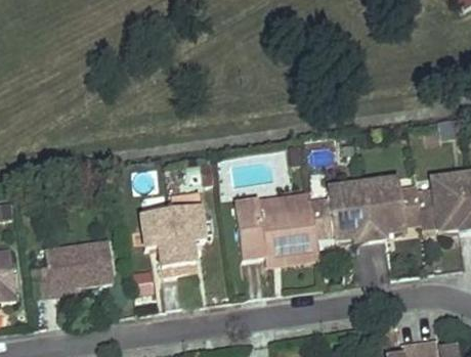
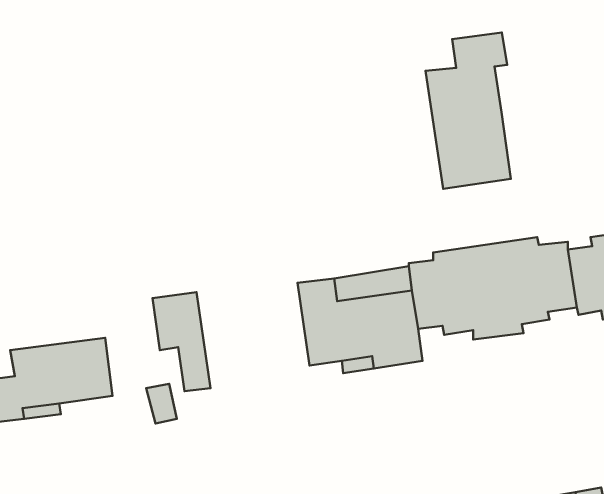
building: none -> [426,33,511,189]
building: [171,205,206,273] -> none

